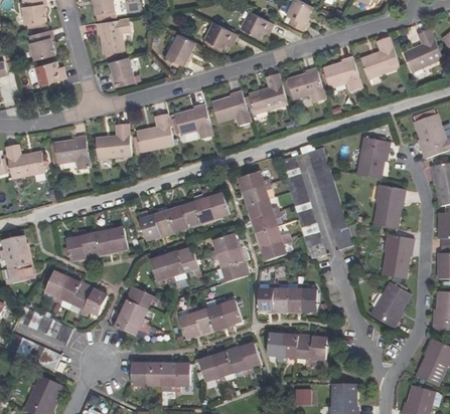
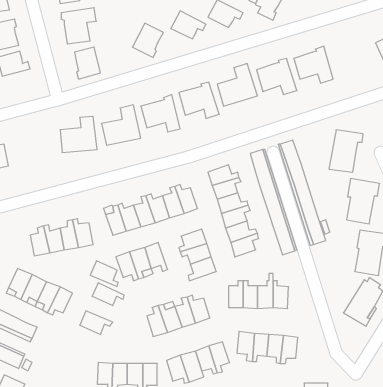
building: [359,36,399,78] -> none
building: [53,135,90,170] -> none
building: [120,298,147,324] -> [90,261,118,287]

